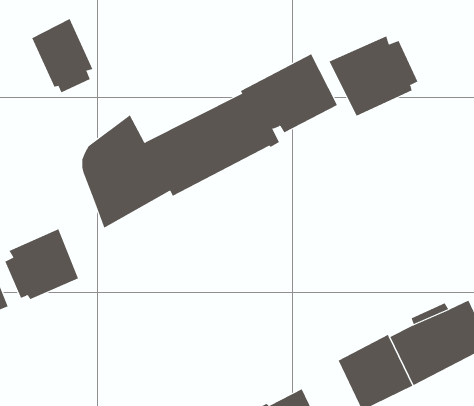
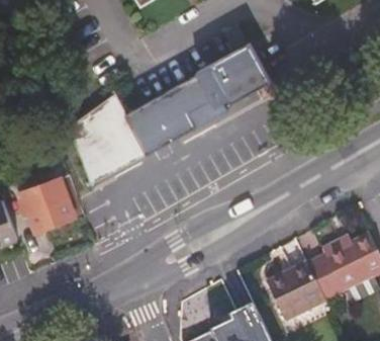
building: [31,18,93,93] -> none
building: [329,35,418,116] -> none

